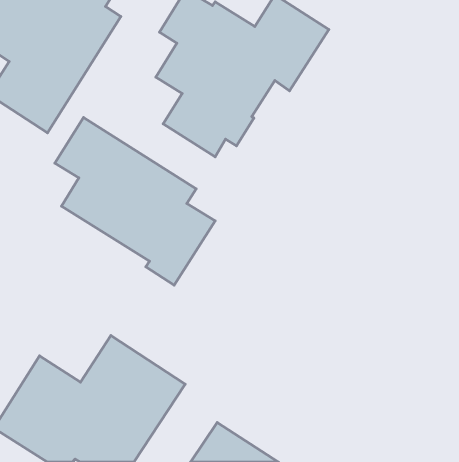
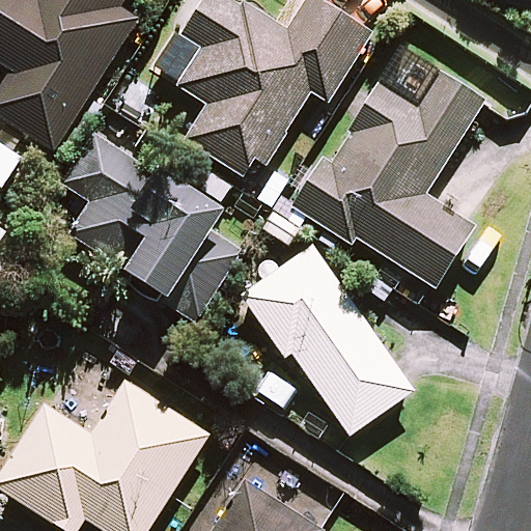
building: none -> [291,71,483,288]
building: none -> [241,245,415,436]

